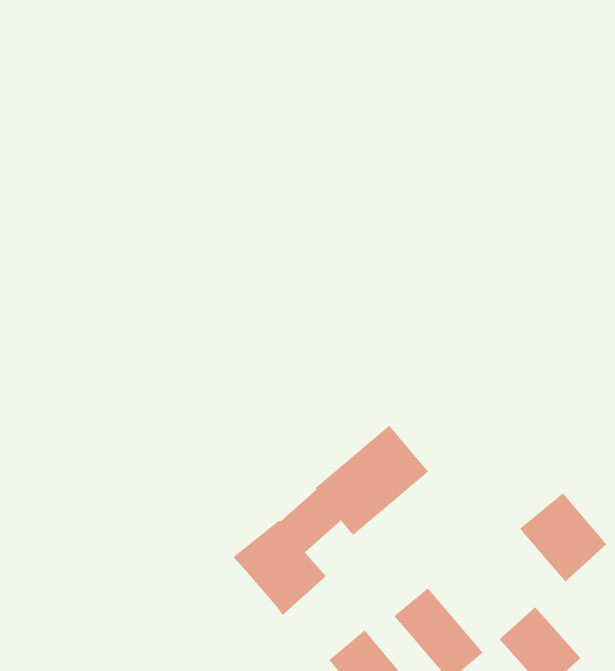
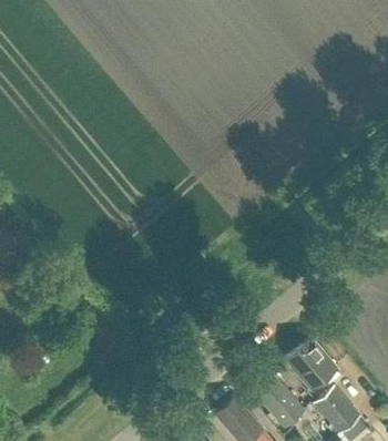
building: [232,425,429,616] -> none
building: [519,492,607,582] -> [286,339,337,391]

